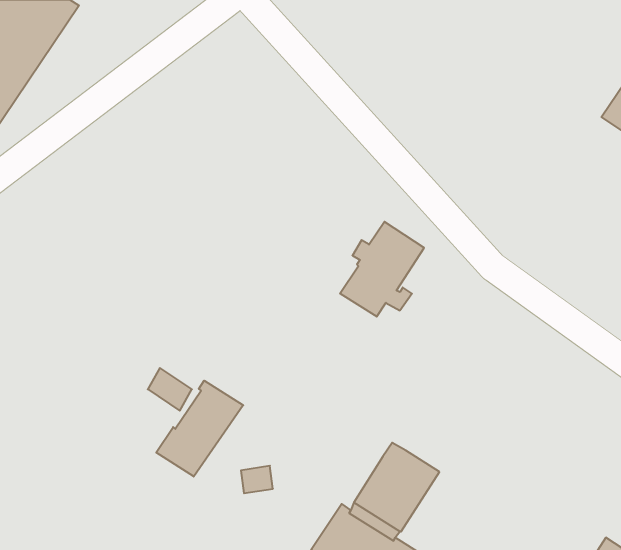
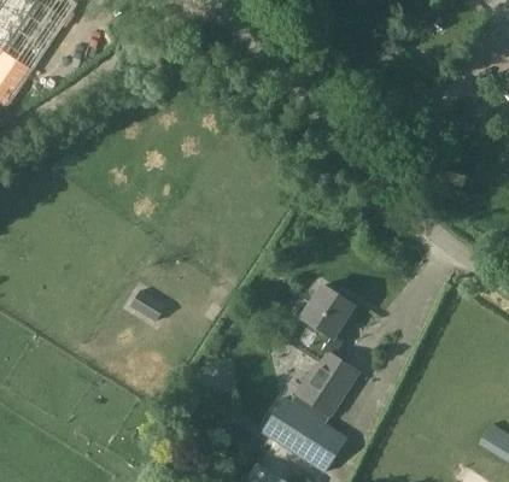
building: [340,222,424,317] -> [289,286,356,360]
building: [156,381,243,477] -> none

